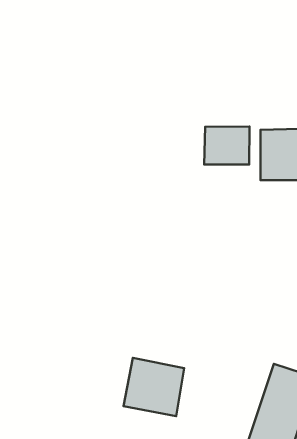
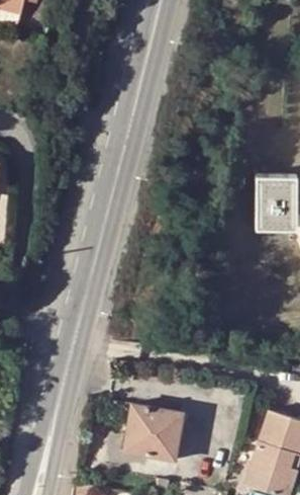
building: [204,127,249,164] -> none

